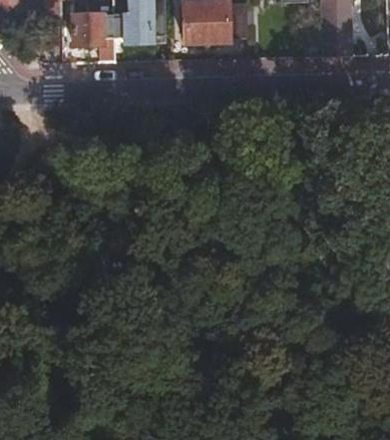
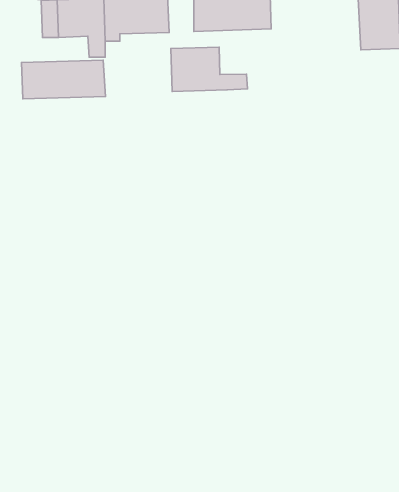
building: none -> [171,47,247,92]
building: none -> [22,60,106,99]

